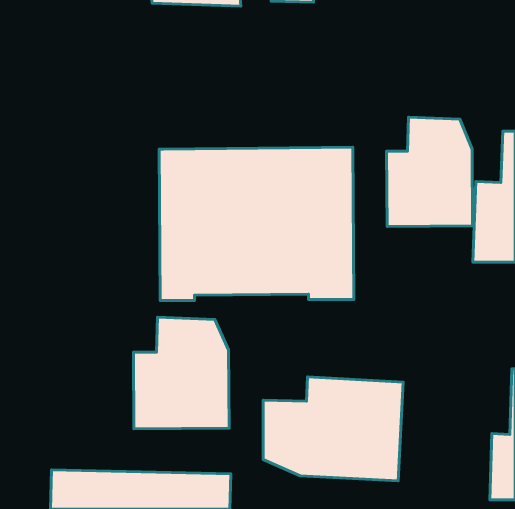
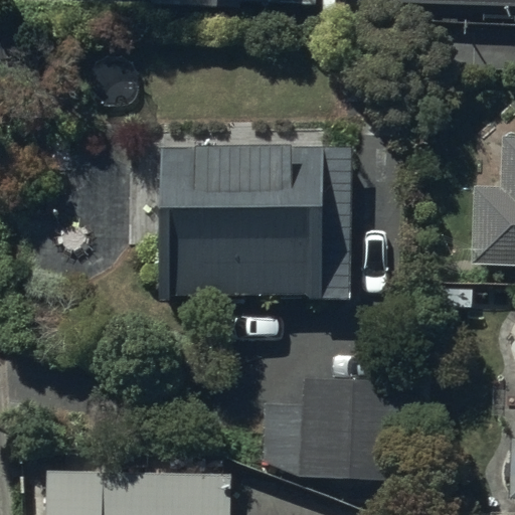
building: [387,117,473,226] -> none
building: [133,317,229,429] -> none

